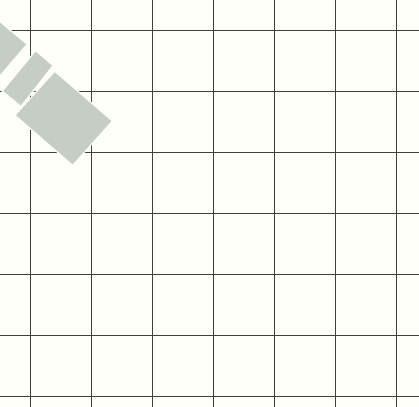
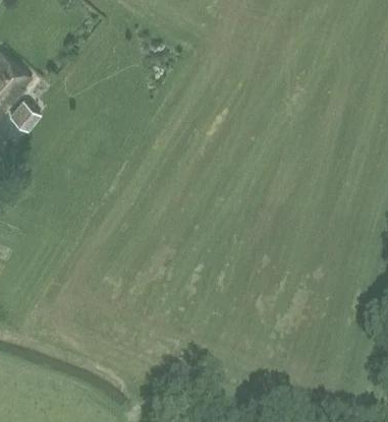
building: [15,71,112,165] -> none

